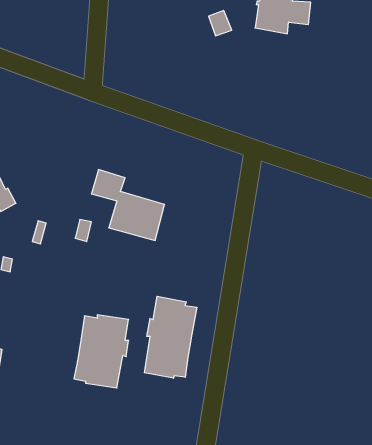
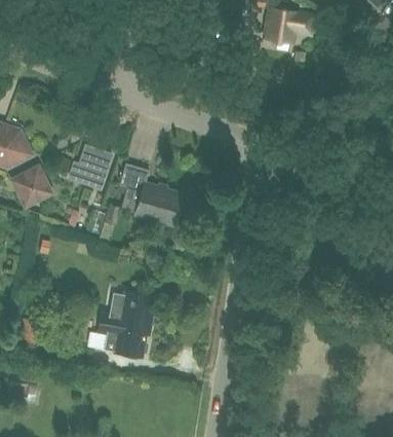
building: none -> [75,147,109,182]
building: [144,296,197,378] -> none

